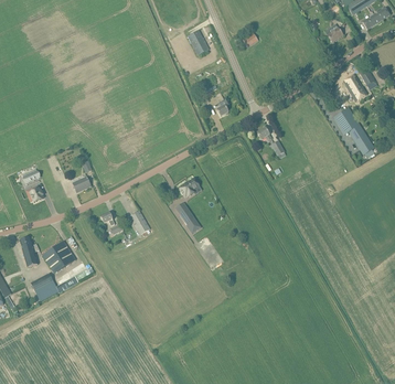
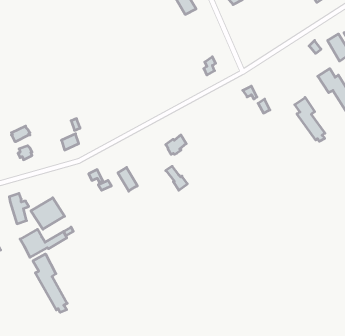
building: none -> [295,97,325,141]
building: none -> [33,254,67,312]

